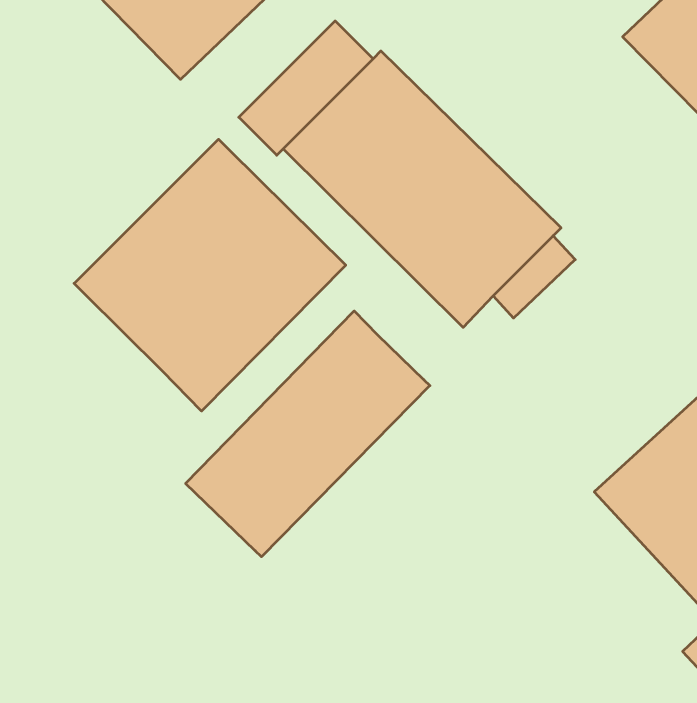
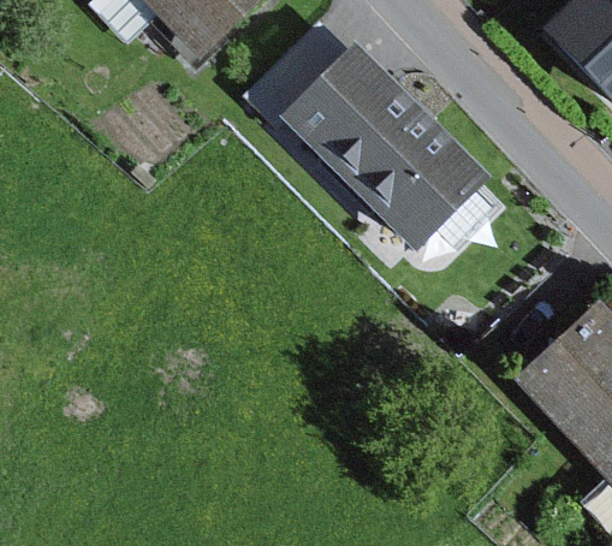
building: [74,139,346,411] -> none
building: [186,311,430,557] -> none

